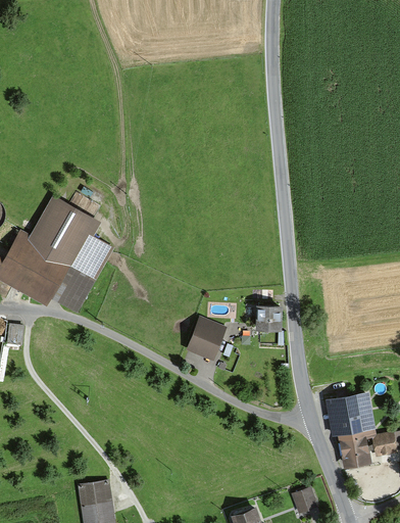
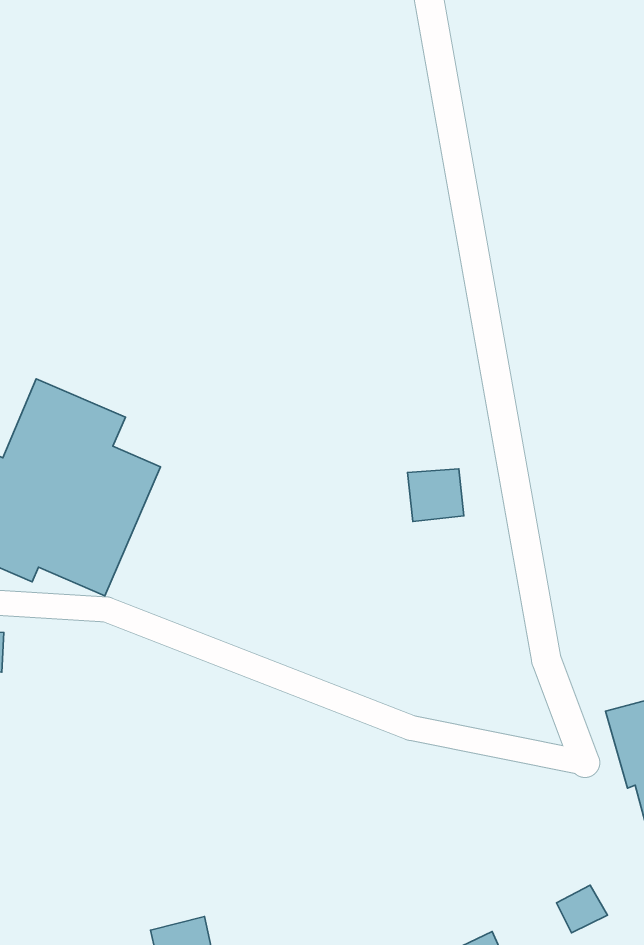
building: [258,302,285,328] -> [407,469,464,521]
building: [187,316,224,359] -> none

